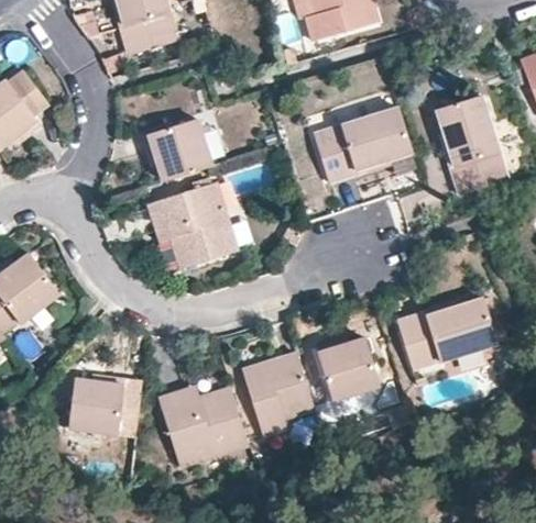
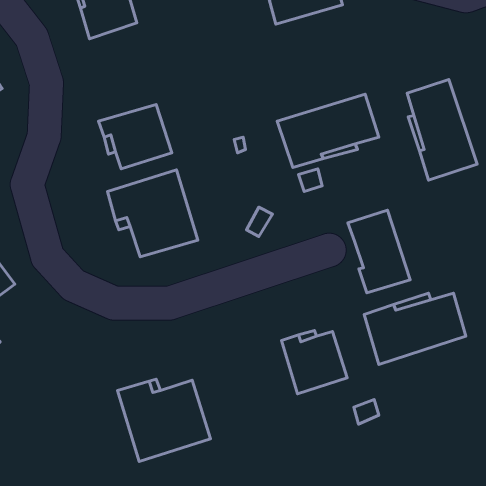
building: none -> [348,210,410,293]
building: [244,355,315,435] -> none
building: [68,377,124,434] -> none

